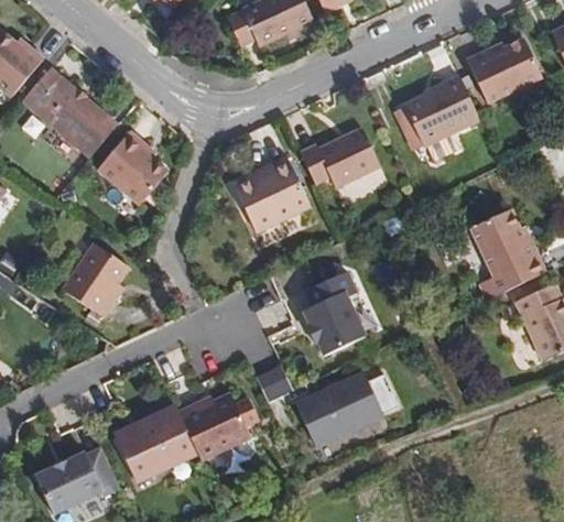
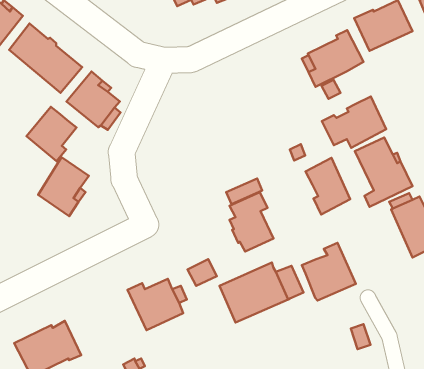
building: [301,124,383,191] -> [322,96,386,148]
building: [232,160,308,233] -> none
building: none -> [27,107,77,161]
building: none -> [306,158,350,215]
building: none -> [302,243,356,300]
building: [116,409,196,480] -> none

